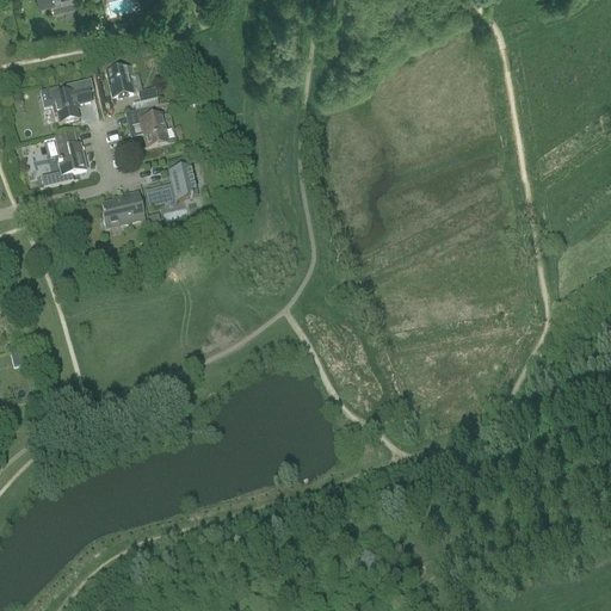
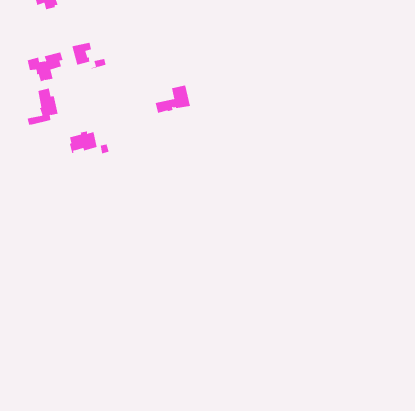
building: [128,104,175,146] -> none
building: [144,162,197,204] -> [155,85,191,113]

